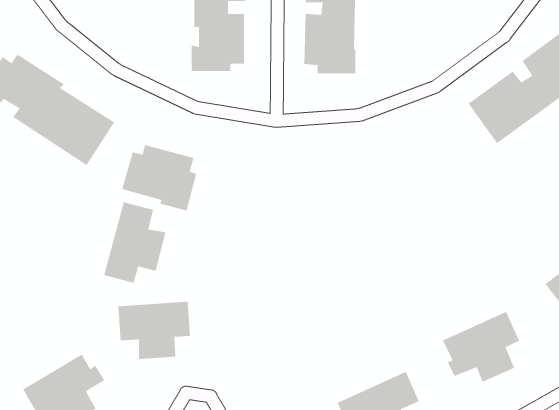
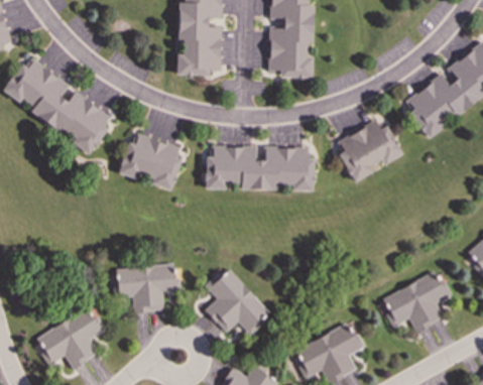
building: none -> [339,121,403,180]
building: none -> [207,146,315,191]
building: [103,201,167,284] -> none
building: none -> [205,268,270,333]

